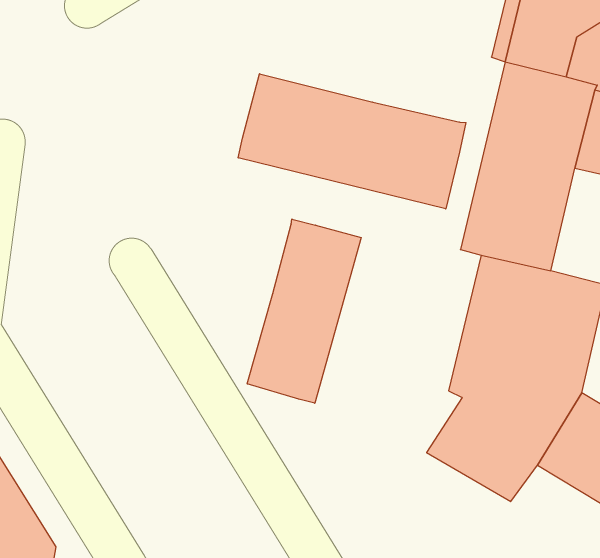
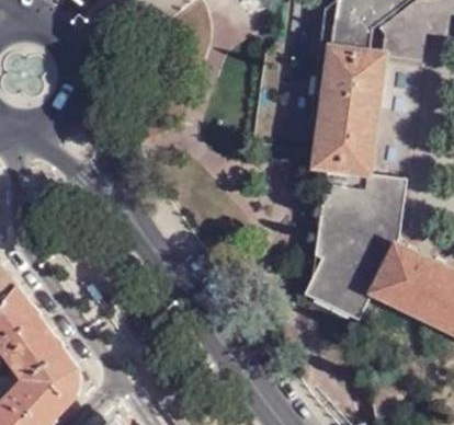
building: [238,74,466,209] -> none
building: [247,219,361,403] -> none

